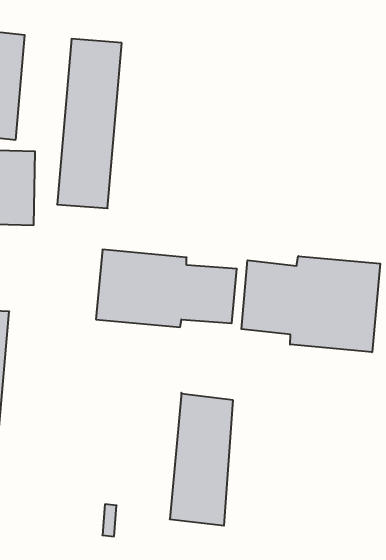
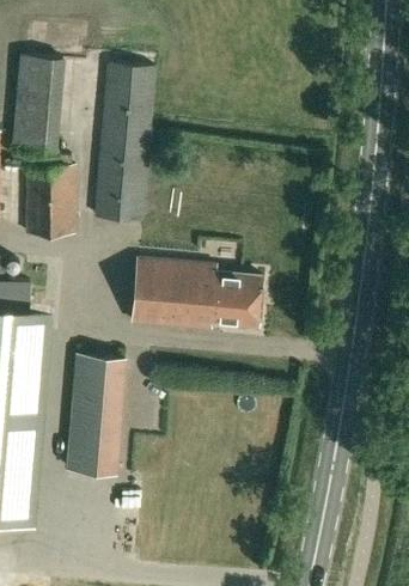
building: [241,256,380,352] -> none
building: [170,393,233,526] -> [66,358,124,481]

